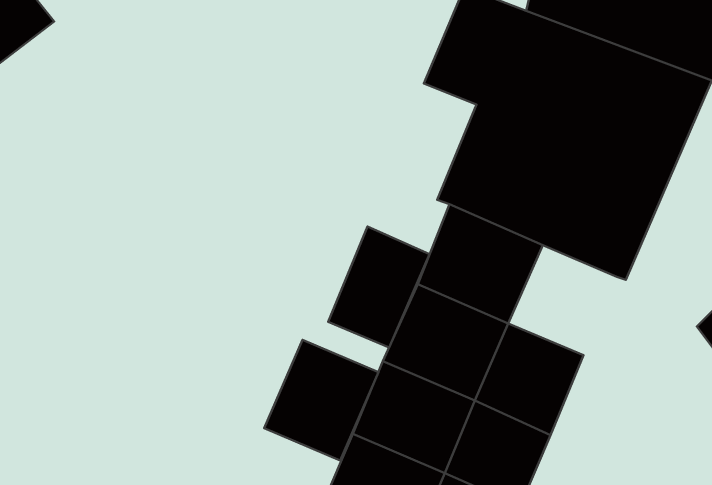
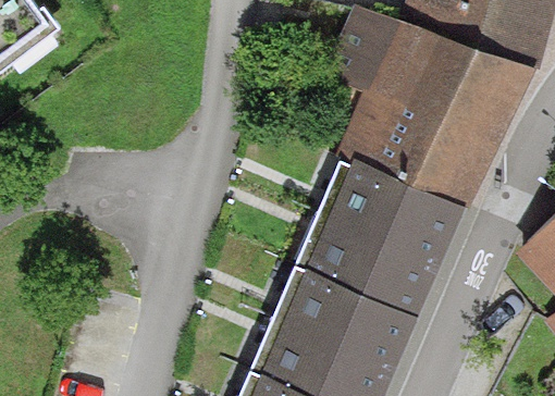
building: [328,226,430,347] -> none
building: none -> [382,196,460,275]
building: [264,340,378,461] -> none

